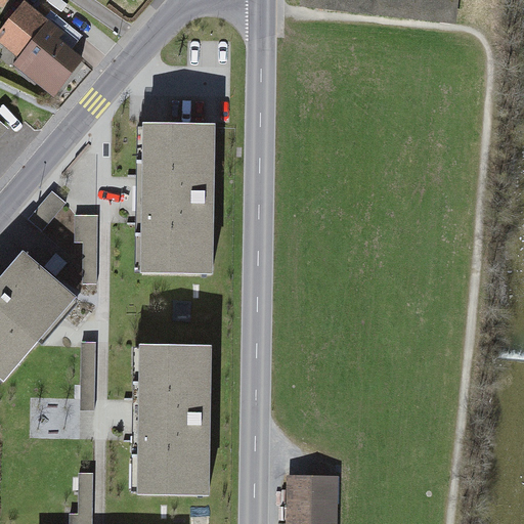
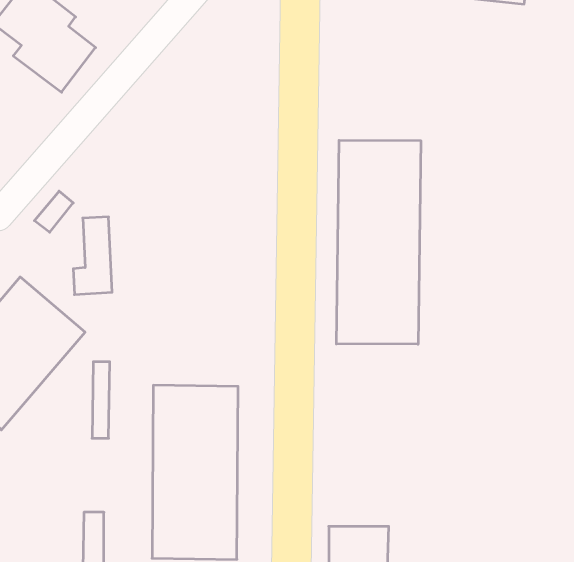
building: [138,125,212,278] -> none
building: none -> [336,140,421,344]

